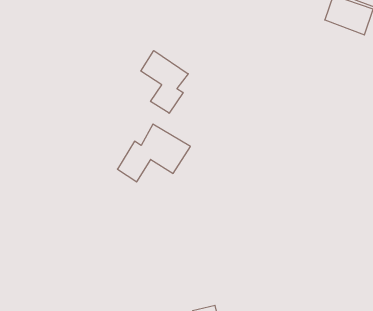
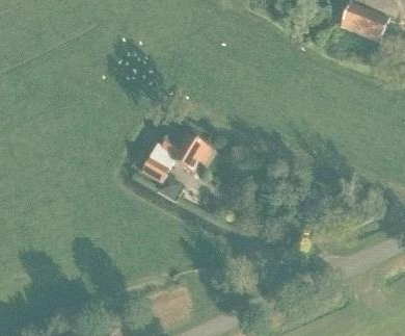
building: [141,51,188,113] -> none

